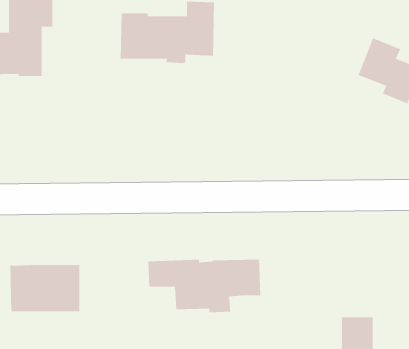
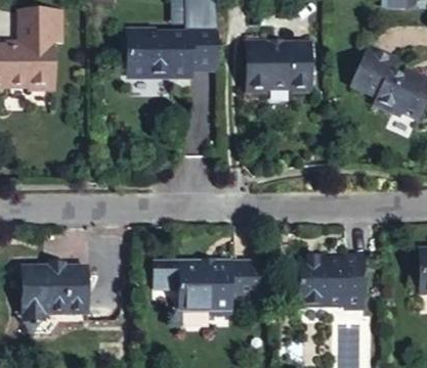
building: none -> [247,42,310,92]
building: none -> [297,256,364,306]

